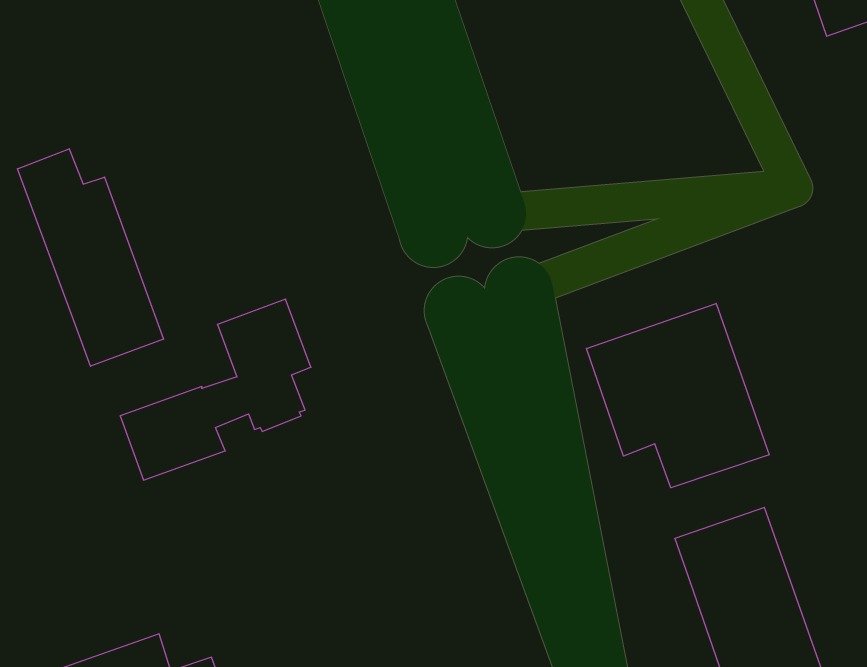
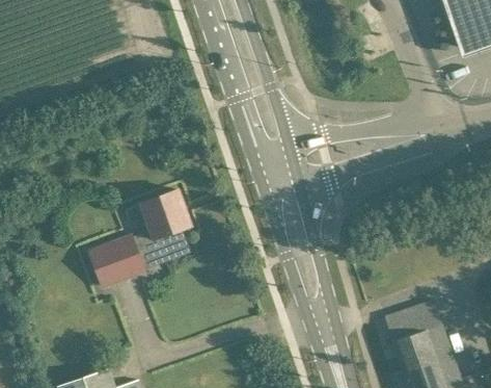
building: [17,149,164,366] -> none
building: [586,303,769,488] -> none

